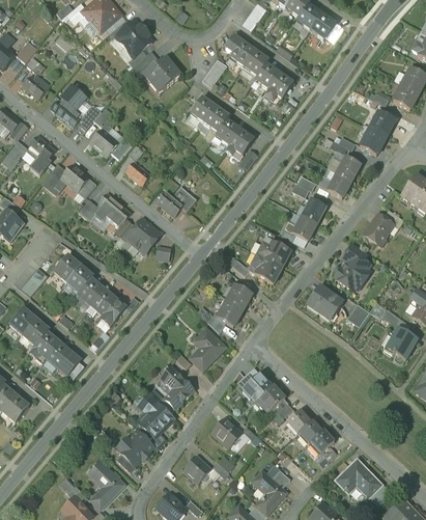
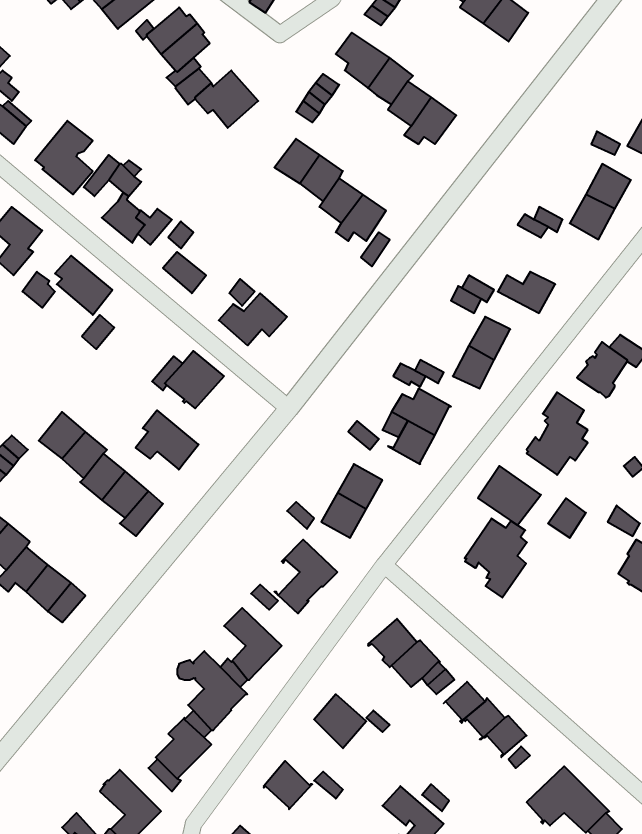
building: [328,157,360,181] -> none
building: [94,193,131,227] -> [136,410,199,470]
building: none -> [465,518,527,598]

